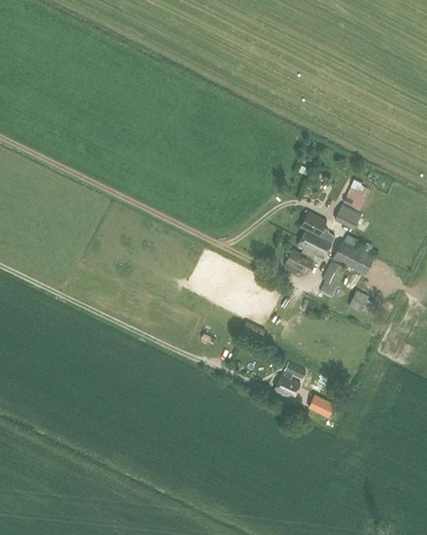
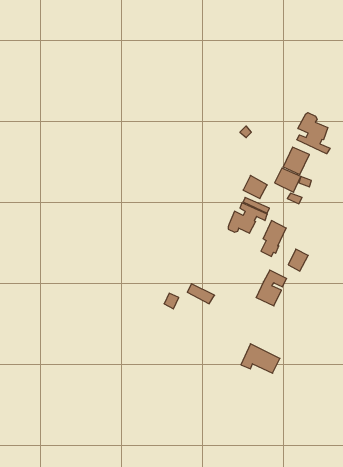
building: none -> [297,113,330,154]
building: [331,238,374,274] -> none
building: [274,360,306,398] -> [256,270,287,306]

